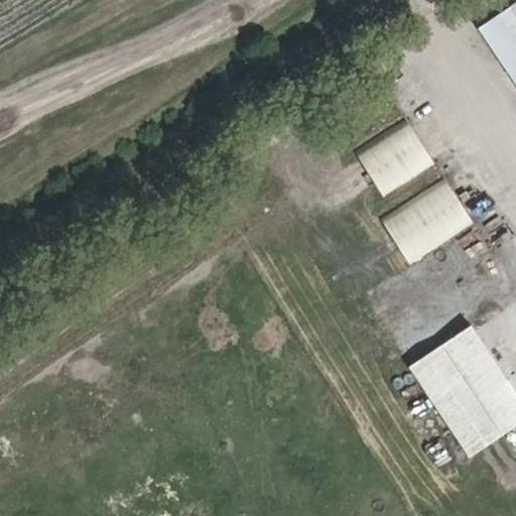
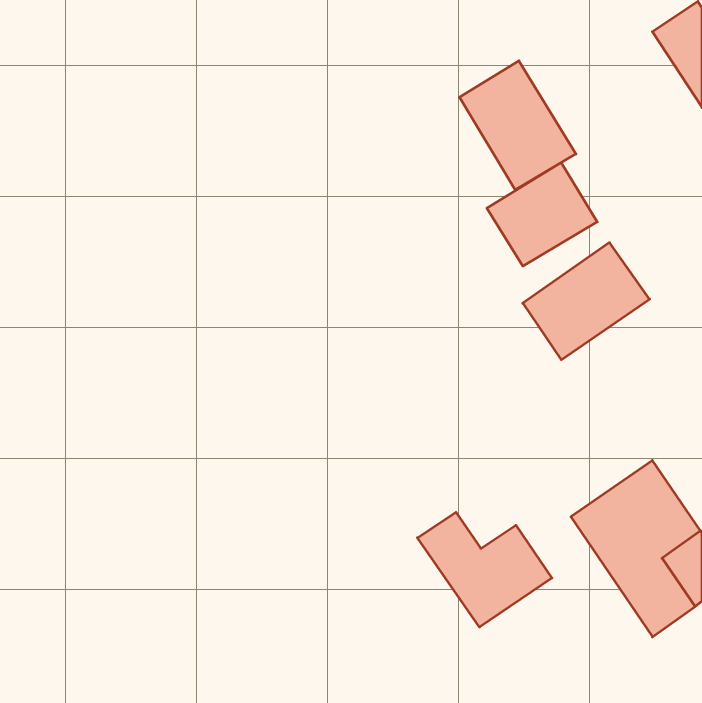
building: none -> [459,61,576,190]
building: none -> [417,512,552,627]

